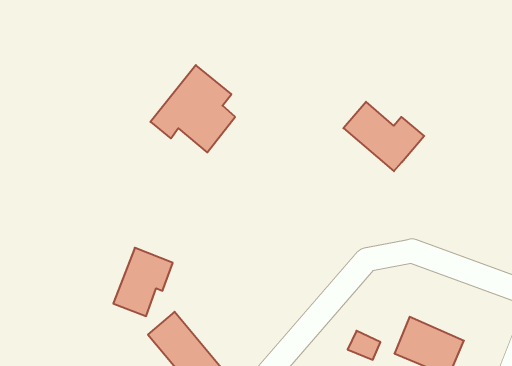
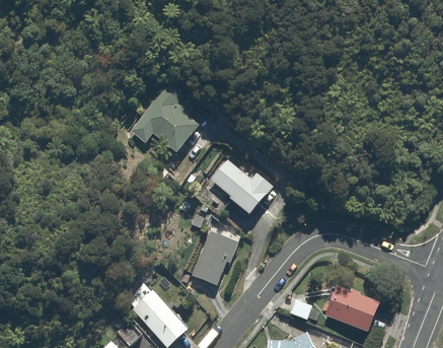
building: [343,102,424,171] -> [209,159,274,215]
building: [113,248,173,316] -> [191,229,238,284]

